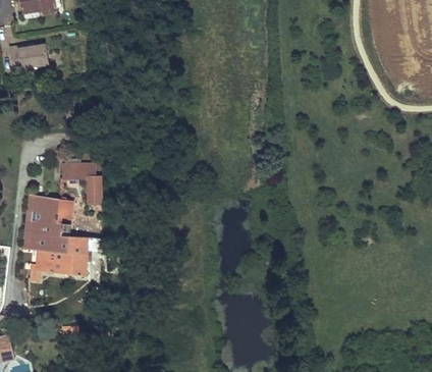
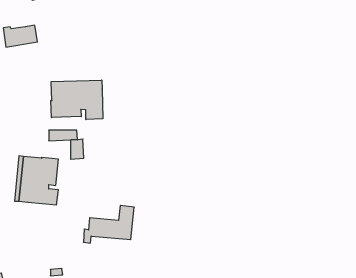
building: none -> [51,80,103,120]
building: [31,235,90,279] -> [83,205,134,243]

